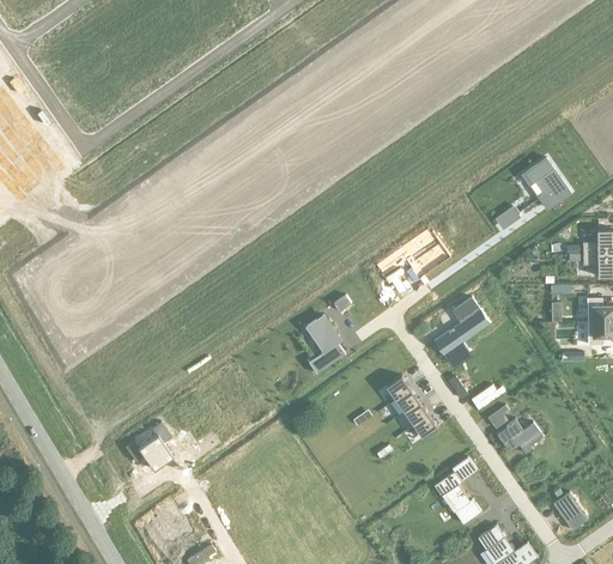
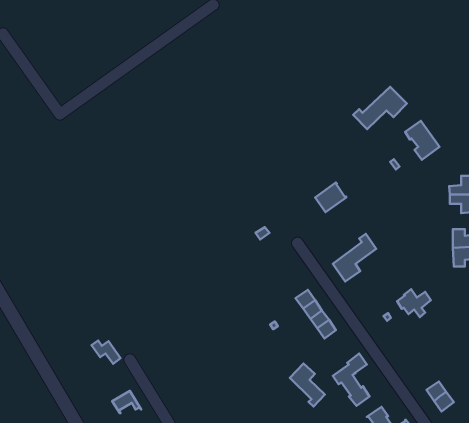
building: none -> [353,87,407,129]
building: [304,314,344,372] -> none
building: [496,418,539,454] -> [397,289,431,317]
building: [145,420,171,462] -> none
building: none -> [290,364,325,407]

